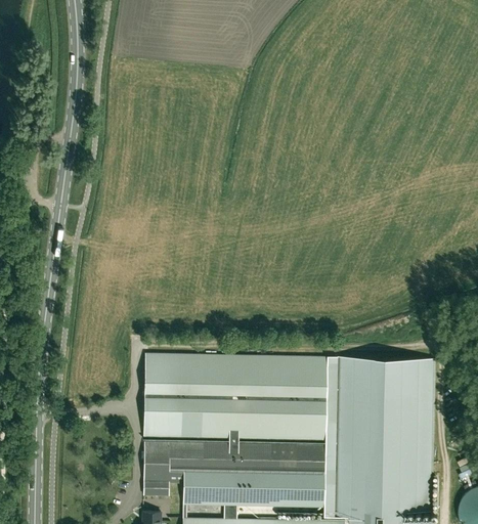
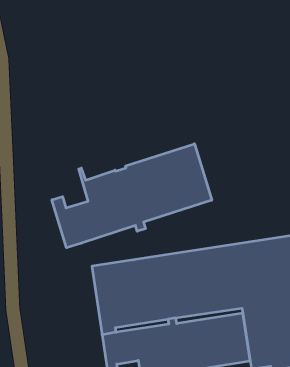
building: none -> [52,144,212,248]

